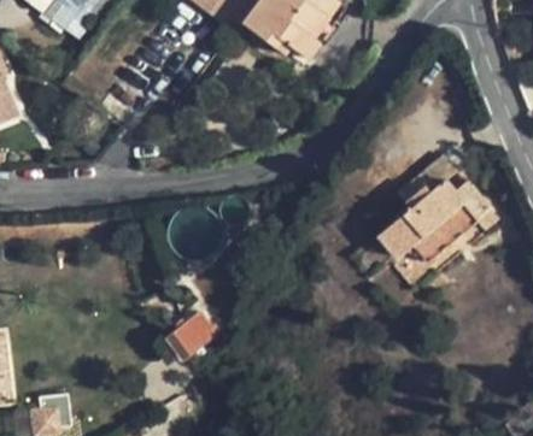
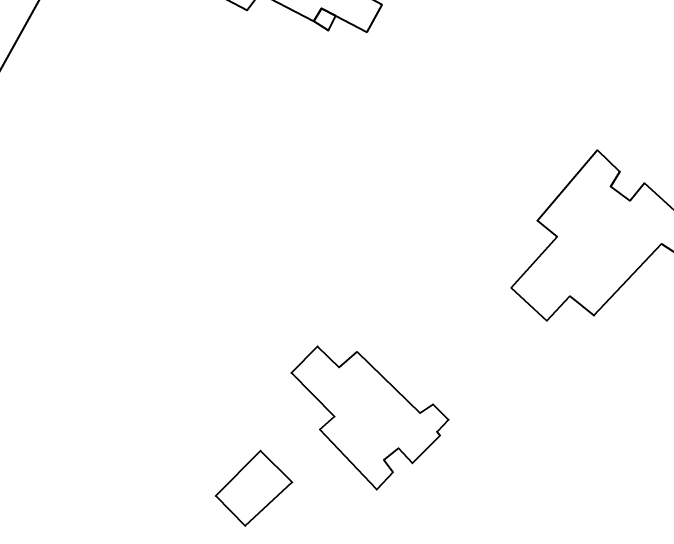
building: none -> [291,346,449,490]

